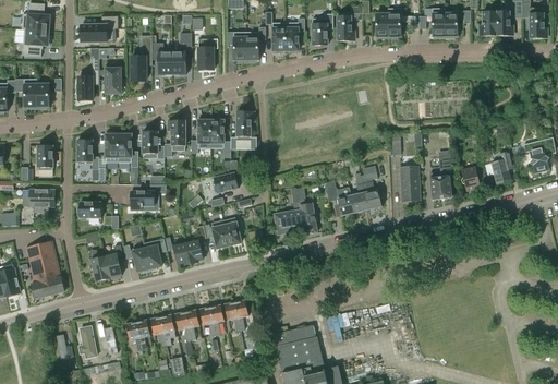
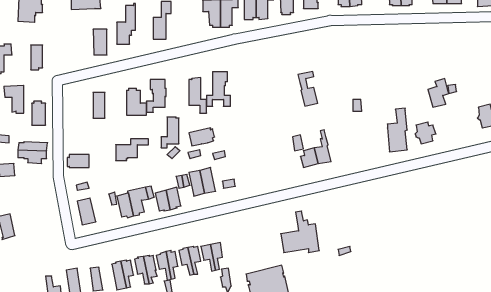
building: [197,39,217,71] -> none
building: [151,44,171,75] -> none
building: [77,57,98,100] -> none
building: [14,79,36,109] -> [4,85,24,113]
building: [191,119,210,153] -> [161,117,179,148]
building: [118,132,137,167] -> none
building: [76,139,98,169] -> none
building: [490,152,513,183] -> [428,79,449,107]
building: [400,167,420,202] -> none
building: [360,172,381,211] -> [298,72,318,106]
building: [274,189,316,235] -> [281,211,319,253]
building: [26,241,64,299] -> none
building: [101,248,123,277] -> none

